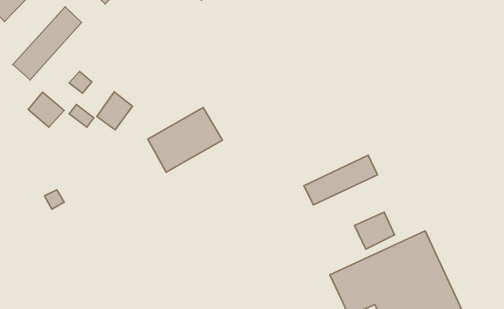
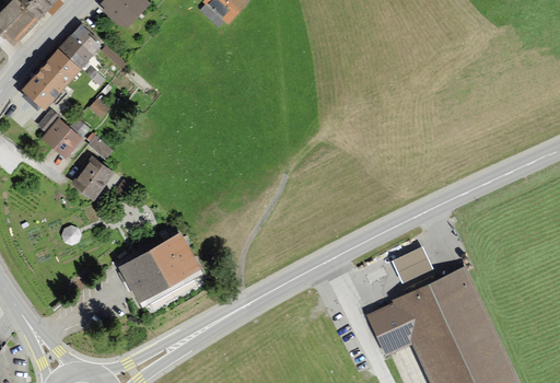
building: [97,92,133,130] -> [71,156,109,197]
building: [148,107,223,172] -> [120,234,200,303]
building: [304,155,377,205] -> none

